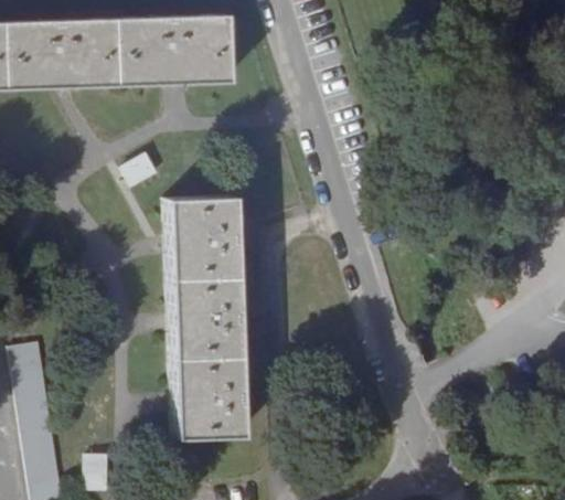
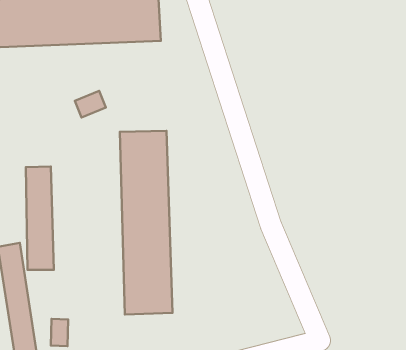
building: none -> [26,166,54,270]

